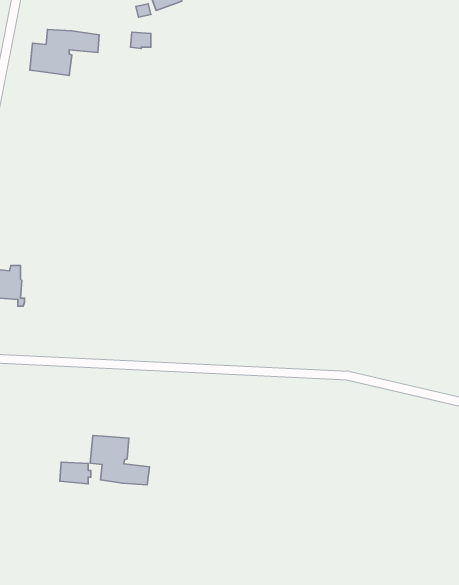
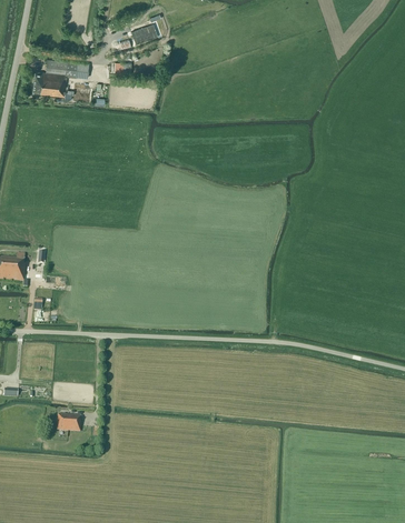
building: [90,435,149,485] -> none

